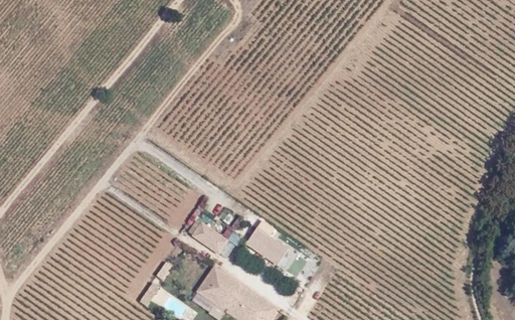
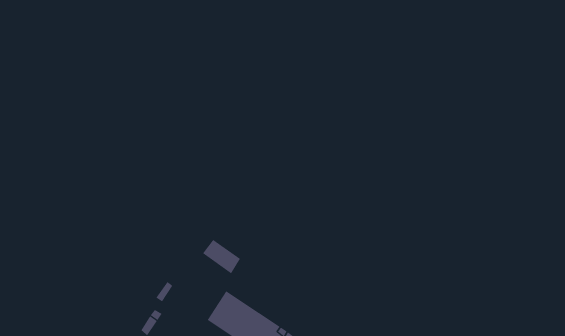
building: [247,227,290,265] -> none

